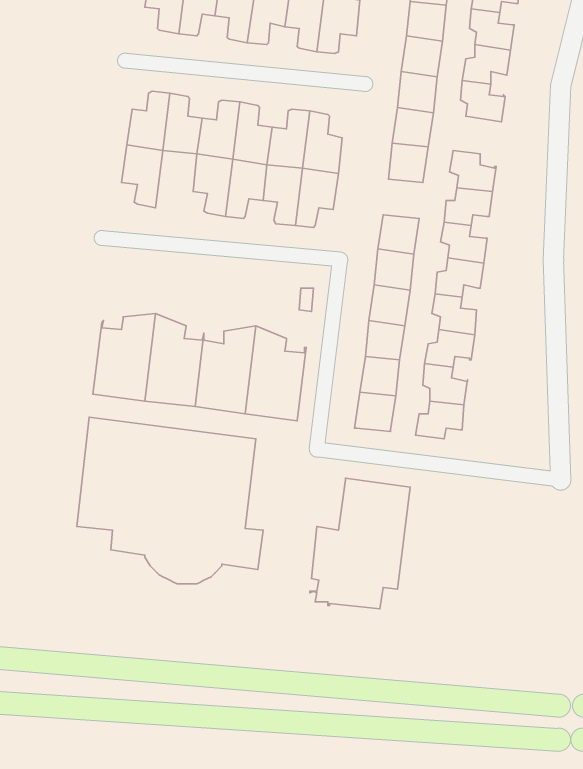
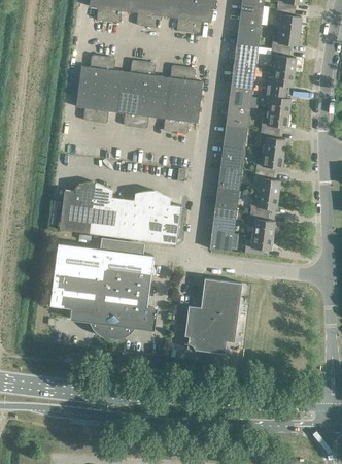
building: none -> [266,69,294,91]
building: none -> [95,89,118,123]
building: none -> [226,105,248,128]

